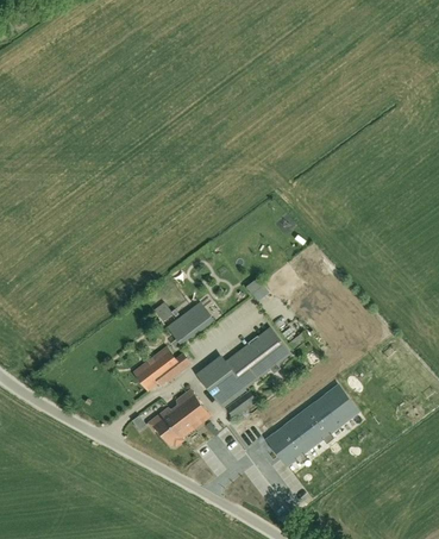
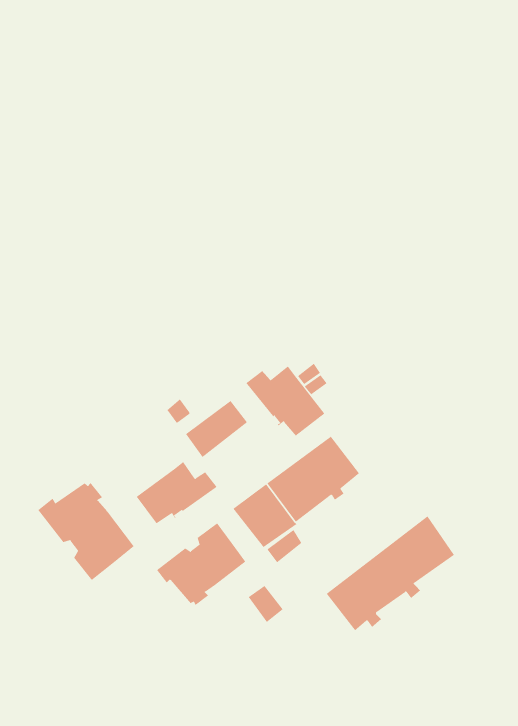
building: none -> [245,365,325,436]
building: none -> [38,482,135,581]

